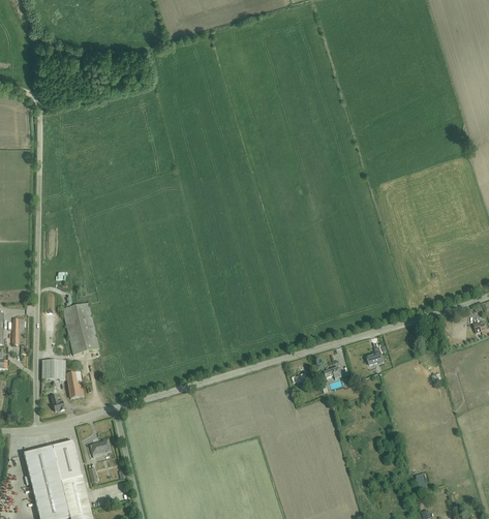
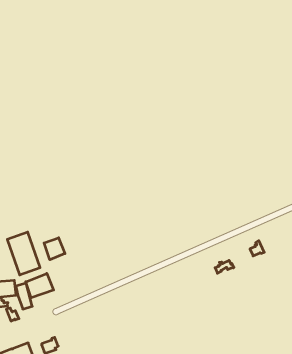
building: none -> [44,238,65,260]
building: none -> [26,273,54,298]

